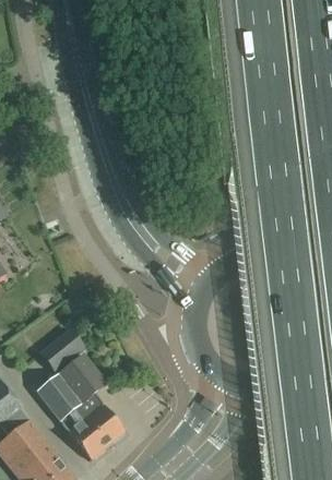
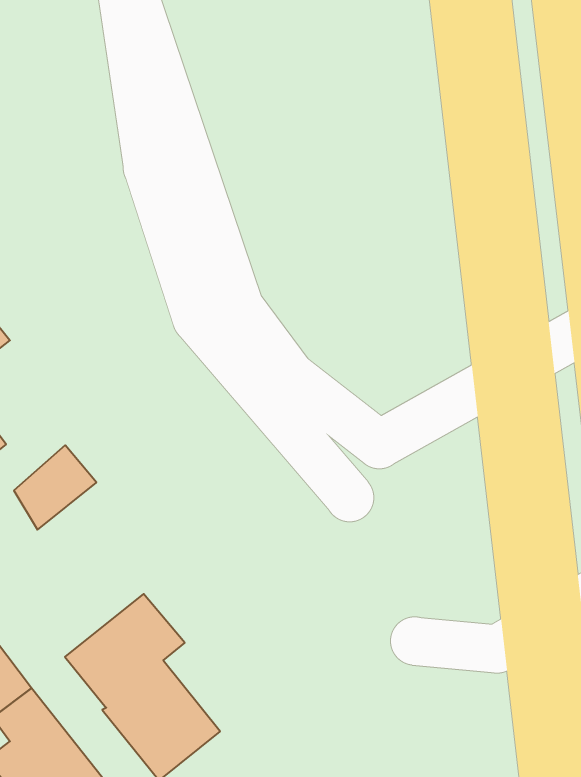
building: [40,326,86,373] -> [14,445,96,530]

